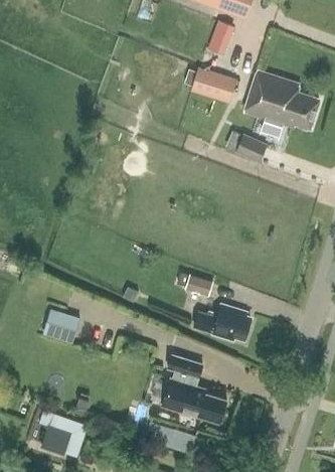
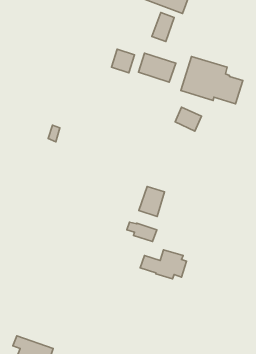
building: none -> [112,49,134,73]
building: none -> [139,186,165,217]
building: [49,310,79,342] -> none
building: [161,354,225,423] -> none

